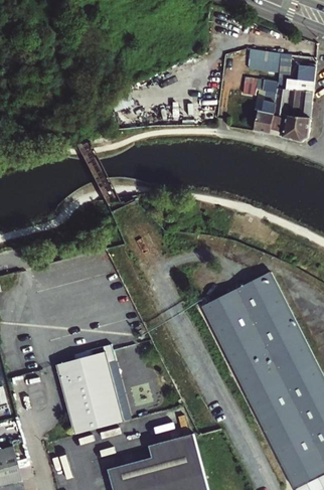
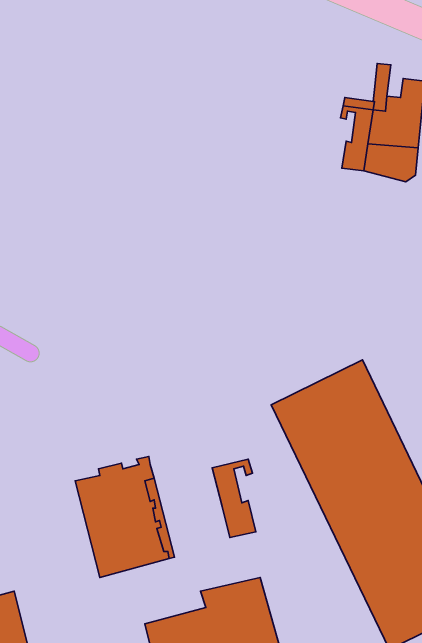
building: [248,49,281,73] -> none
building: none -> [212,459,256,538]

